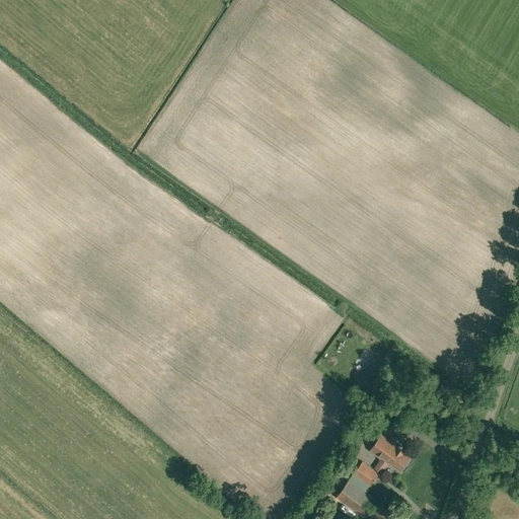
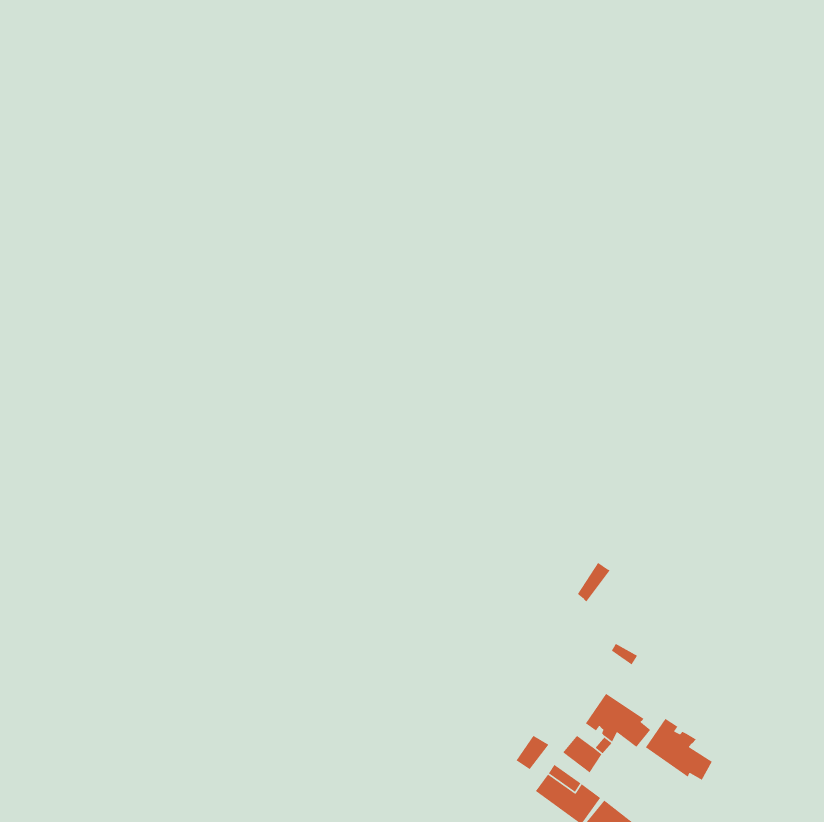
building: none -> [645,718,713,781]

